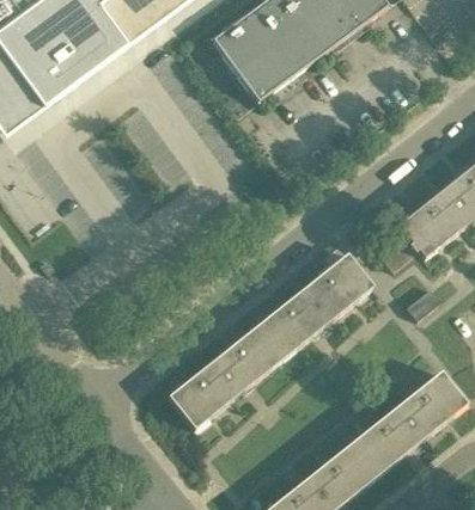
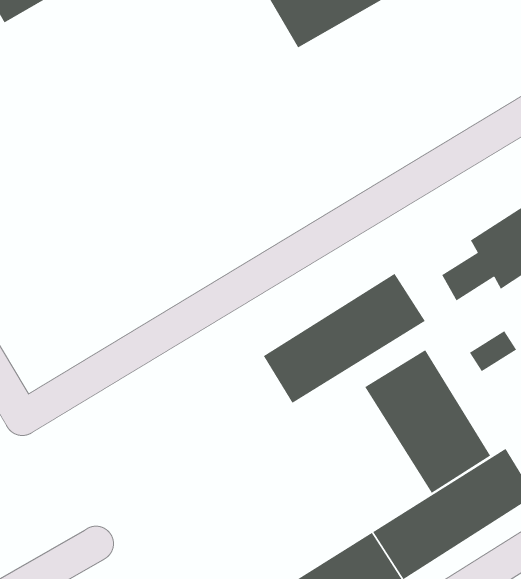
building: none -> [364,349,491,494]
building: [168,325,282,429] -> none

